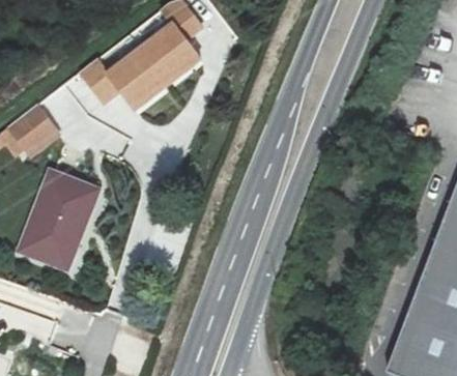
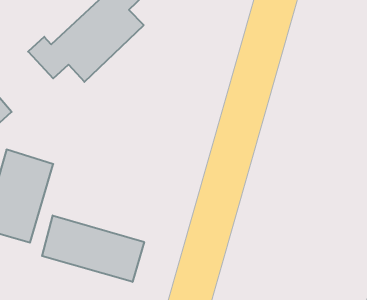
building: none -> [42,215,144,282]

